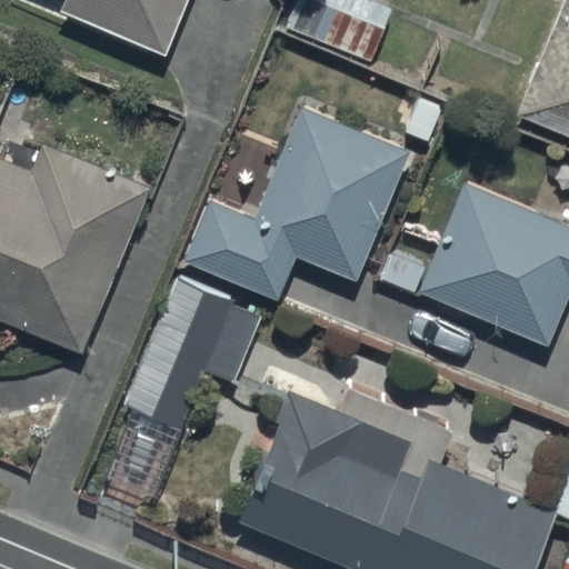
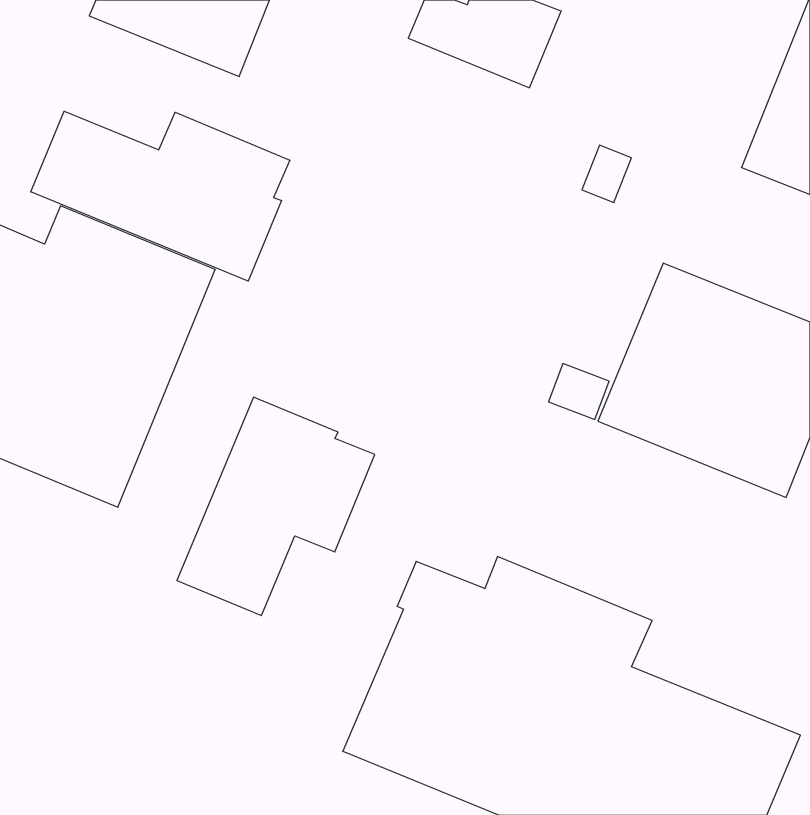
building: none -> [31,111,290,281]
building: [183,108,410,300] -> none

